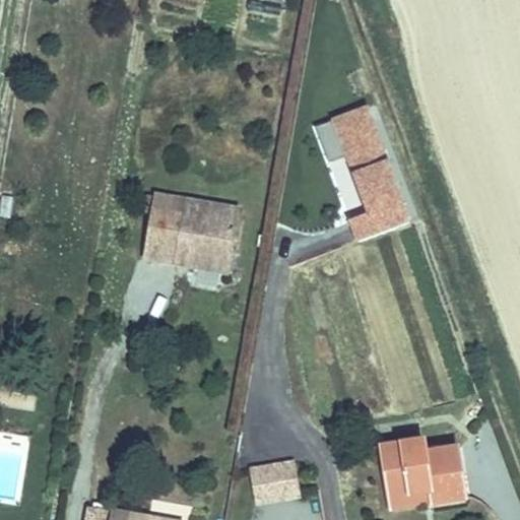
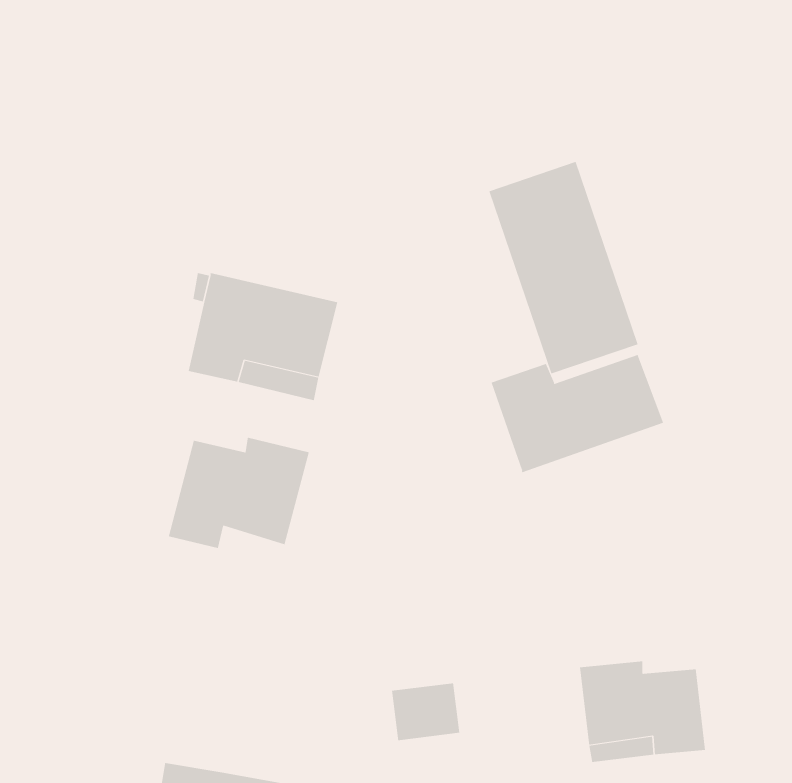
building: none -> [491,354,664,473]
building: none -> [168,437,310,549]

